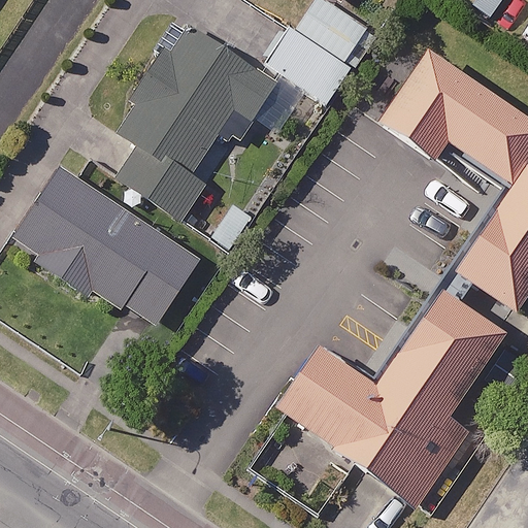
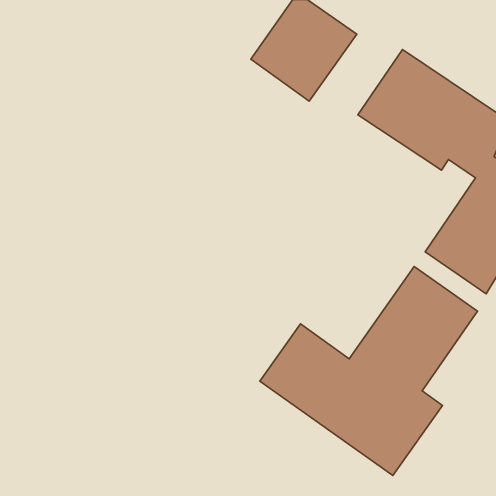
building: [119,25,284,218] -> none
building: [14,171,199,326] -> none

